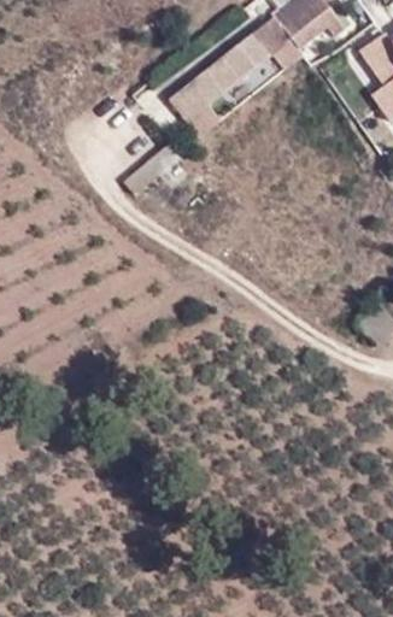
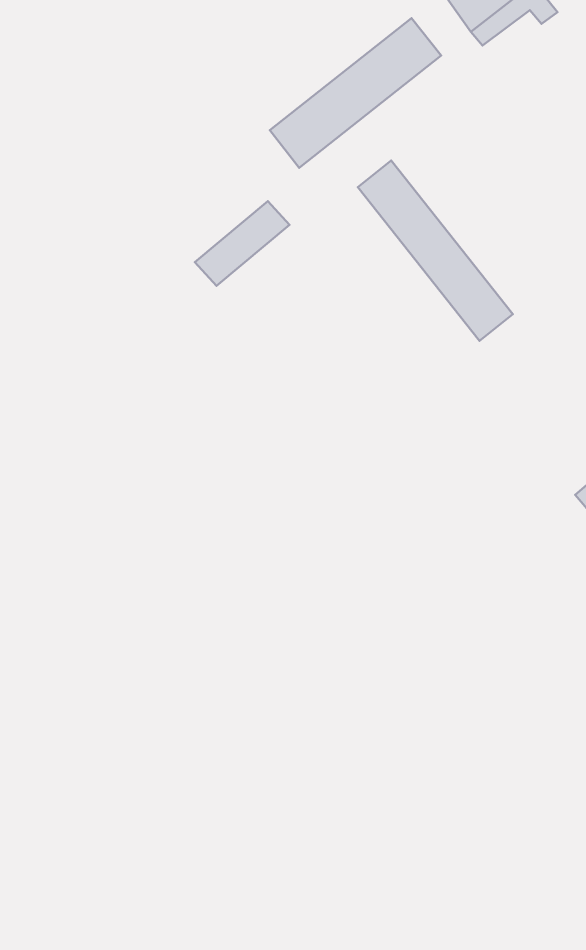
building: none -> [358,161,513,341]

